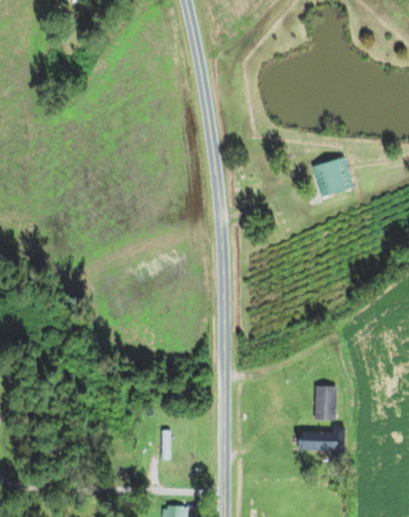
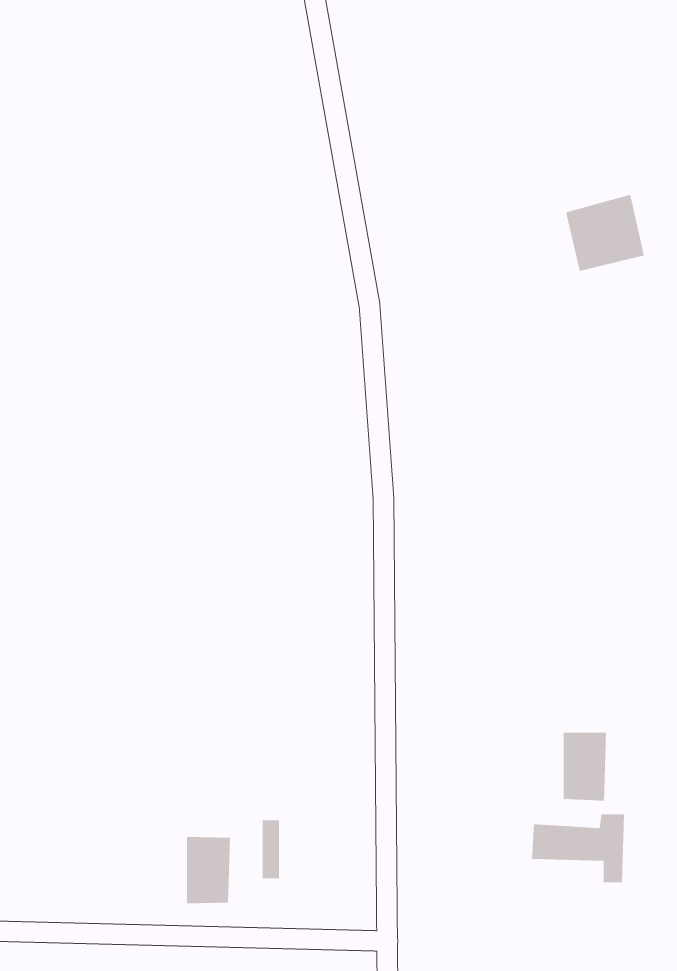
building: [310,157,350,196] -> [565,194,645,272]
building: none -> [186,836,231,904]

